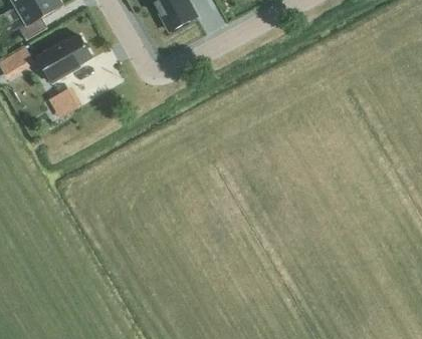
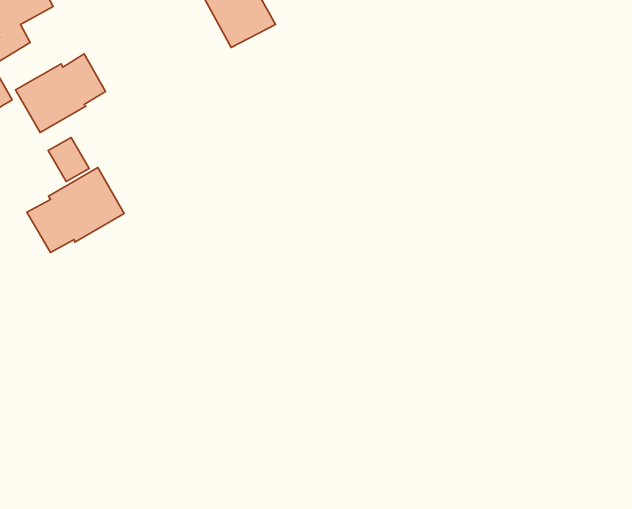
building: none -> [27,168,124,252]

